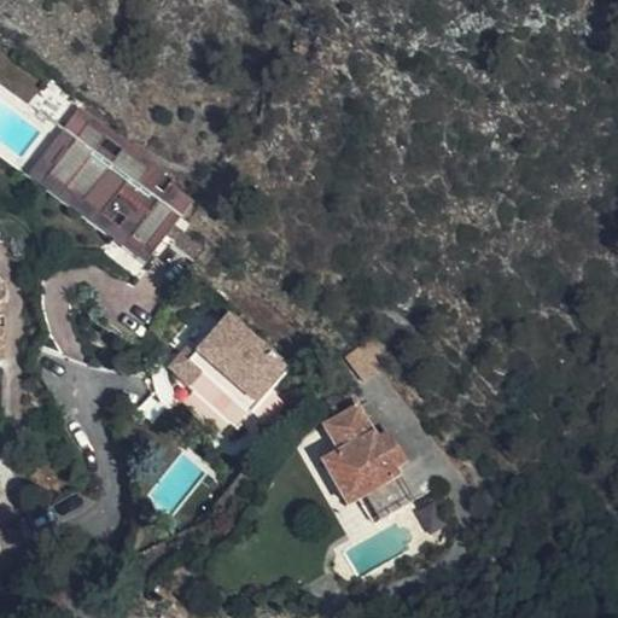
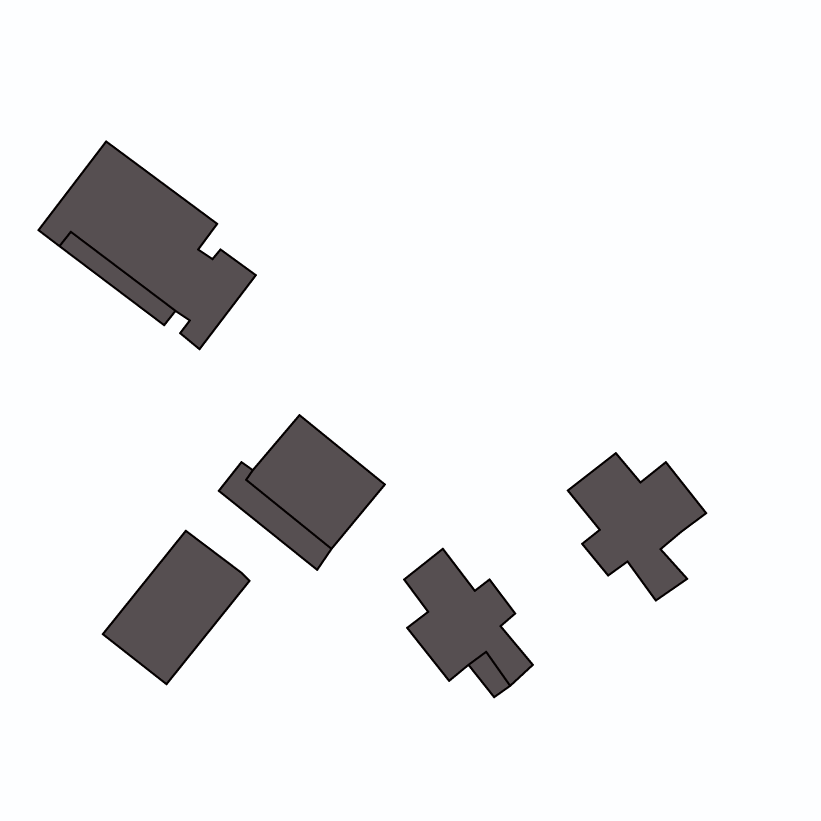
building: none -> [568,453,706,600]
building: none -> [103,531,249,684]

